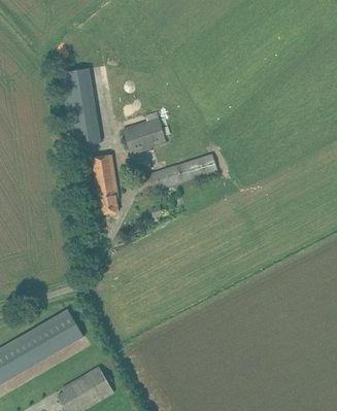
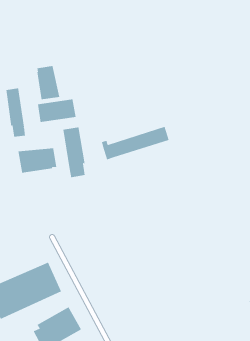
building: none -> [6,88,25,138]
building: [123,110,166,152] -> none
building: none -> [18,148,57,174]

